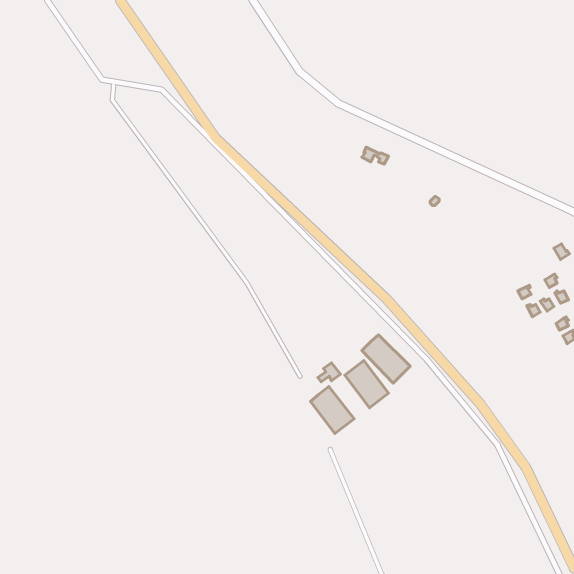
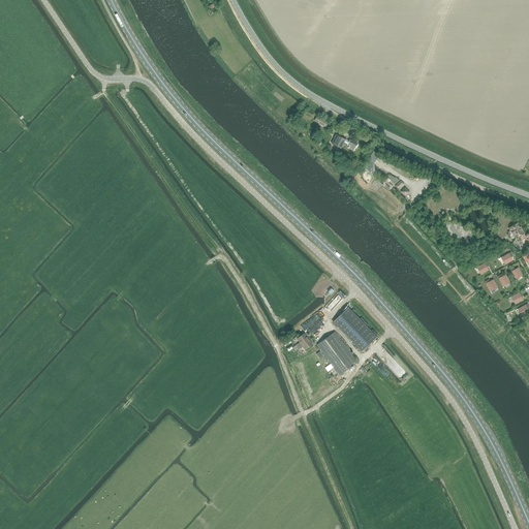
building: [310,387,354,433] -> none

